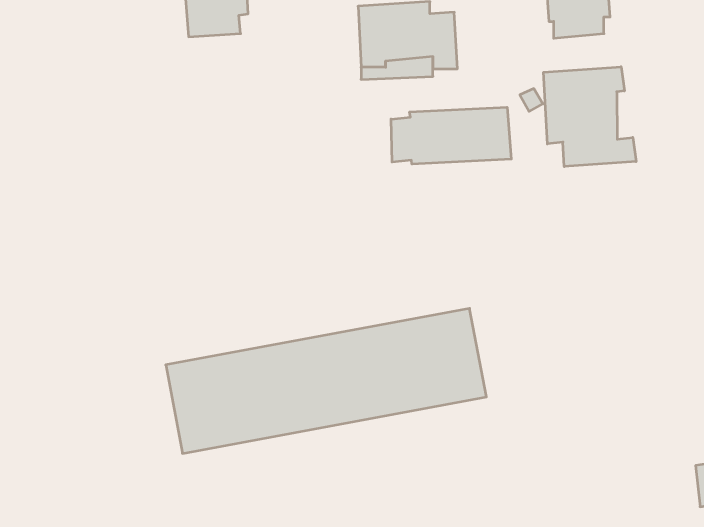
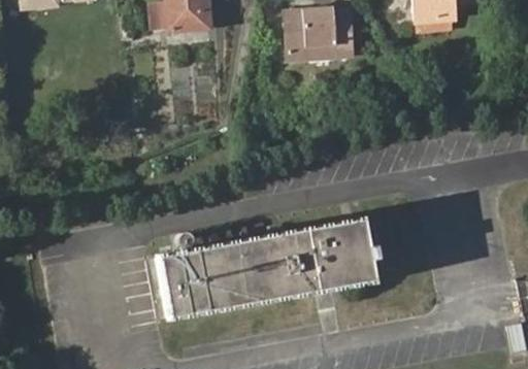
building: [544,67,636,167] -> none
building: [391,107,511,164] -> none

